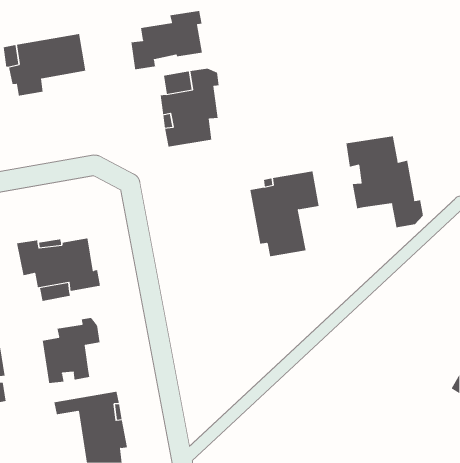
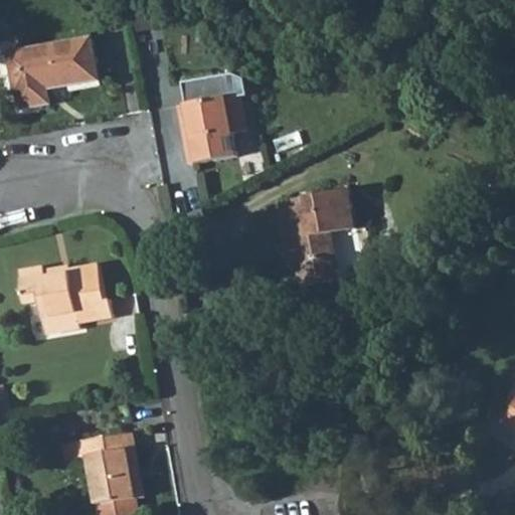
building: [131,10,202,70] -> none
building: [346,135,423,228] -> none
building: [42,317,100,384] -> none

